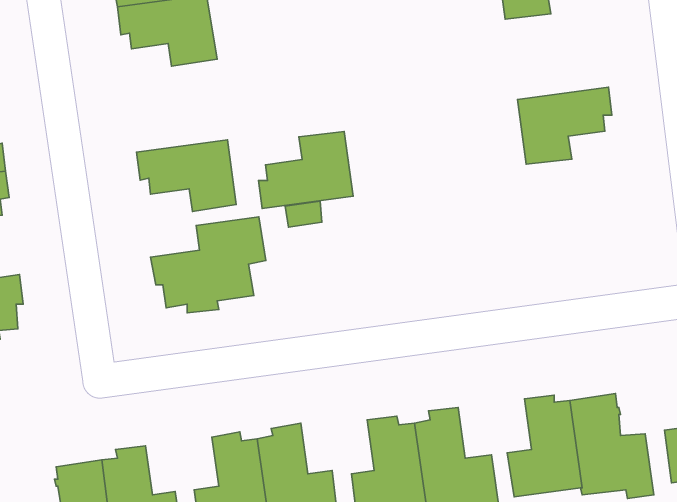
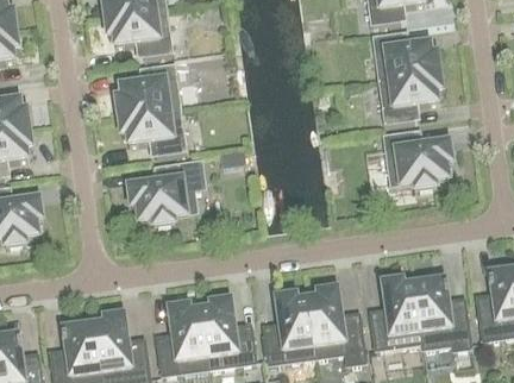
building: none -> [371,31,439,79]
building: [259,132,353,209] -> [115,62,180,114]
building: none -> [382,130,451,188]

